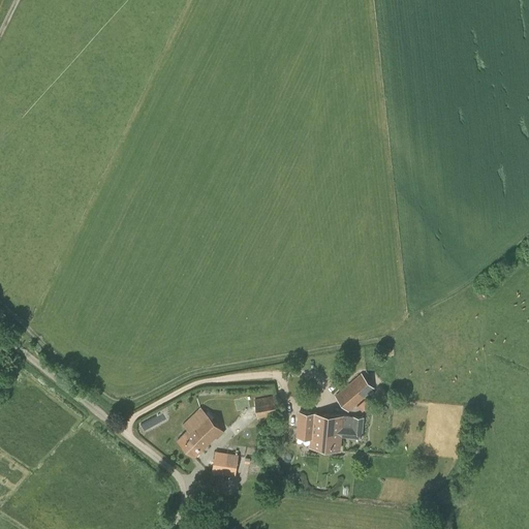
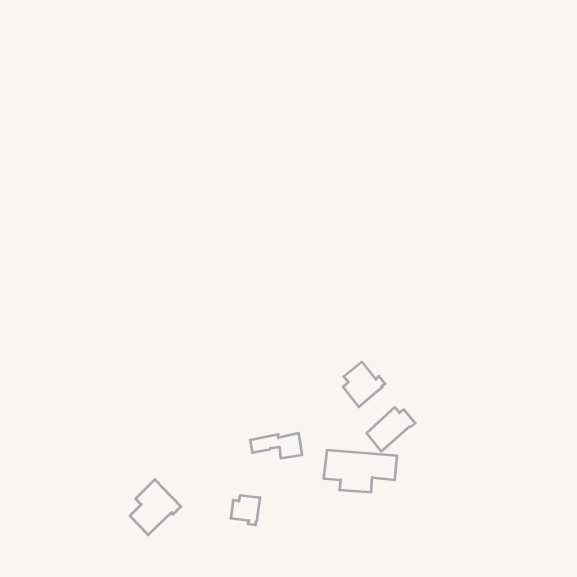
building: none -> [343,362,385,407]
building: [177,408,223,459] -> [130,479,181,535]

